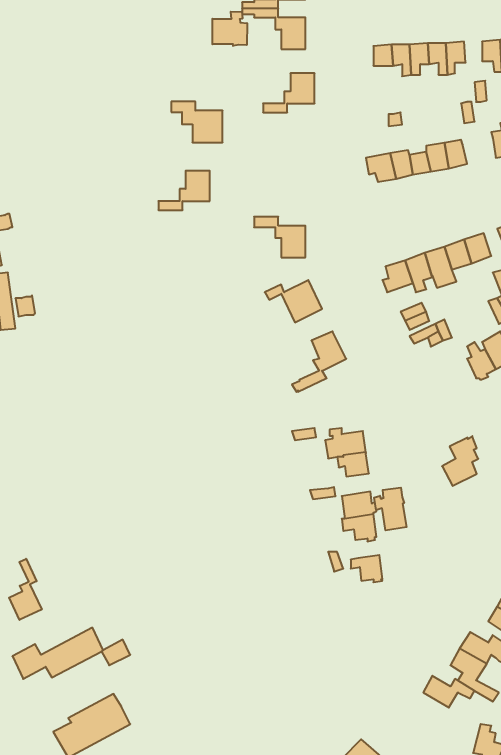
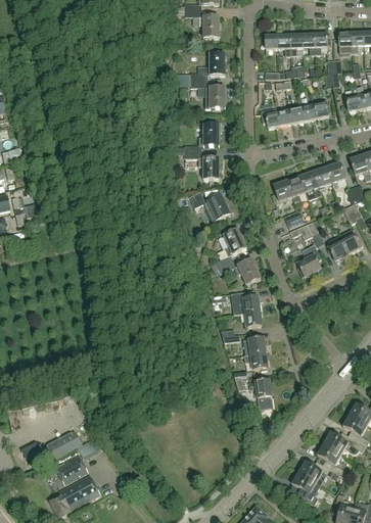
building: [212,11,247,46] -> none
building: [171,102,223,142] -> [190,80,225,107]
building: [158,171,210,210] -> [184,124,219,150]
building: none -> [214,257,261,283]
building: [442,436,478,486] -> [296,242,321,276]
building: [374,488,407,530] -> none
building: [9,559,42,620] -> none
building: none -> [55,454,87,483]
building: none -> [291,472,318,503]

